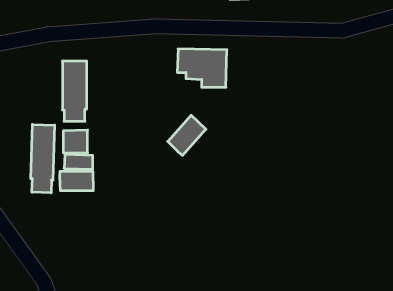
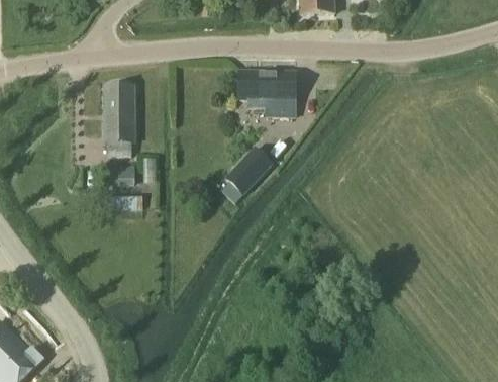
building: [31,124,55,193] -> none
building: [60,171,93,191] -> none

